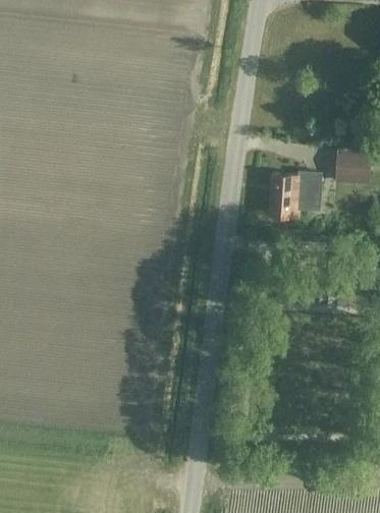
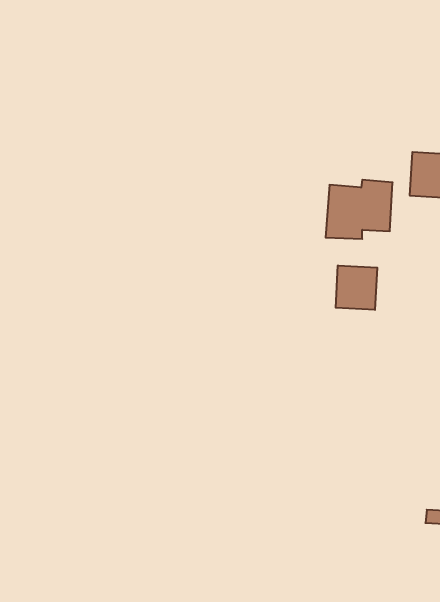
building: none -> [336,265,377,310]

